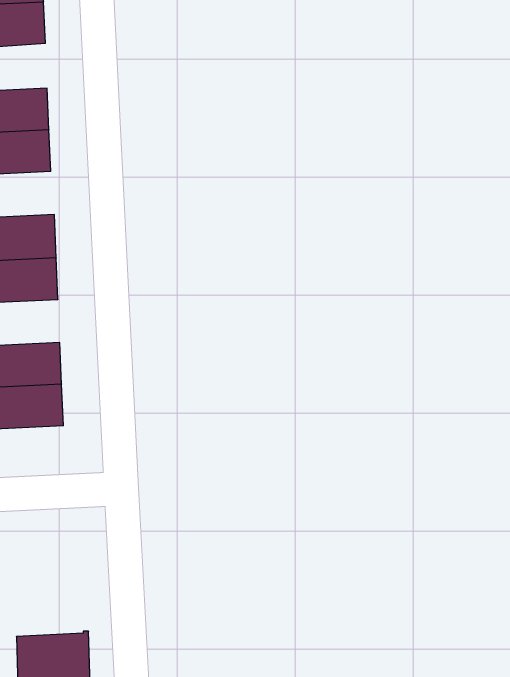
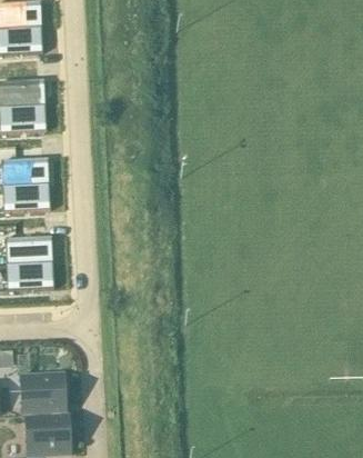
building: none -> [19,375,65,417]

